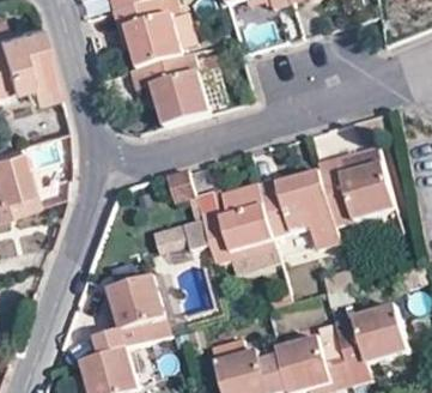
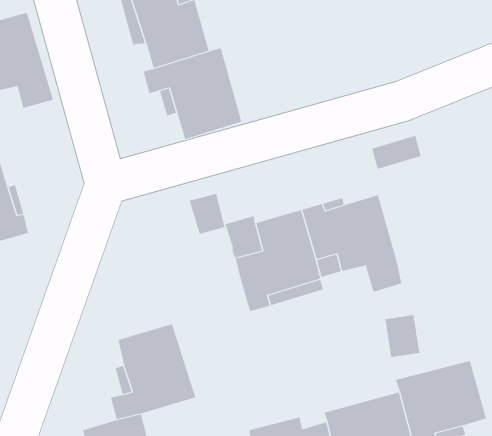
building: [317,145,395,225] -> none
building: [151,217,208,265] -> none

